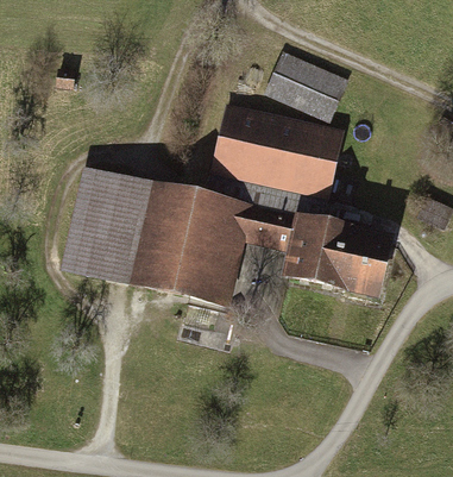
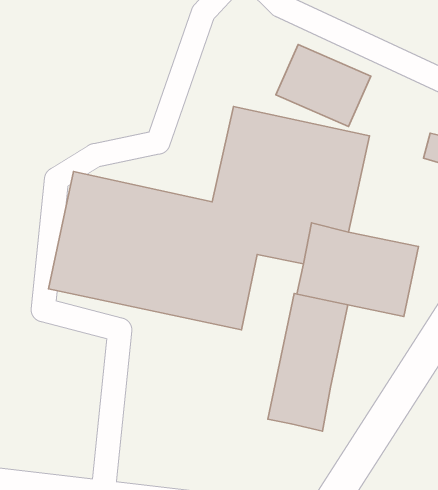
building: none -> [268,294,348,431]

